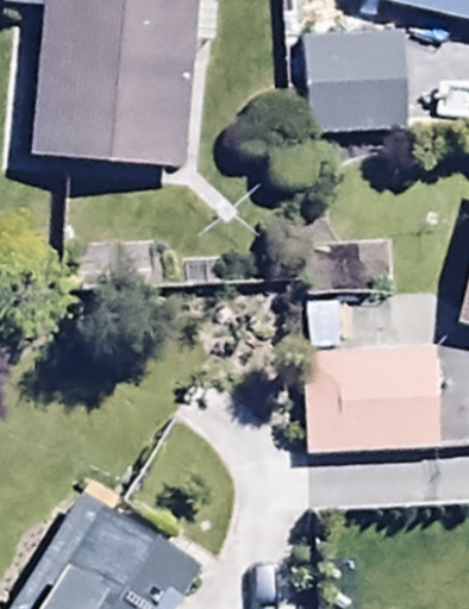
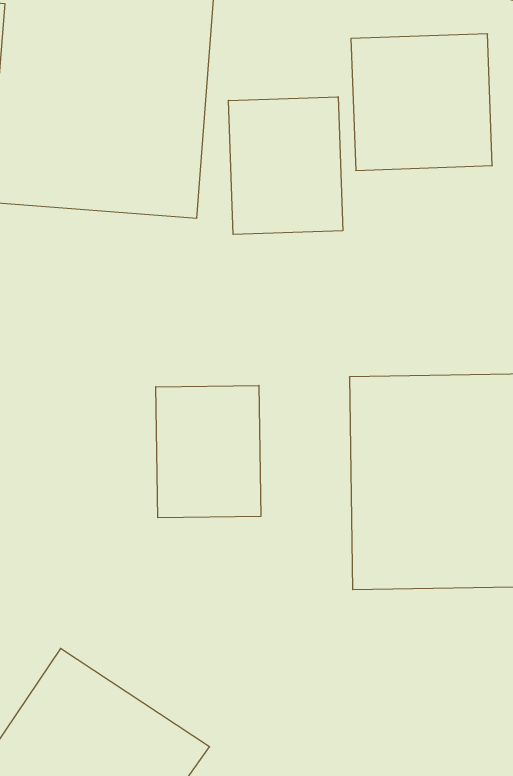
building: none -> [228,97,343,234]
building: none -> [156,385,261,518]

